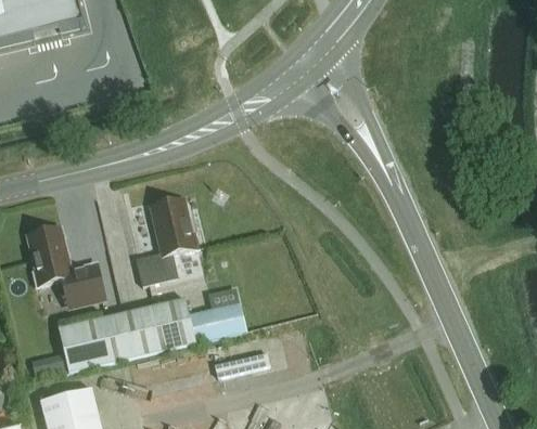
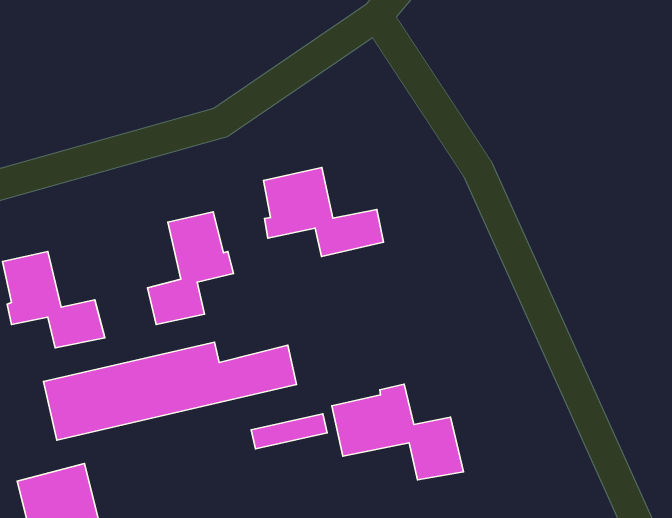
building: none -> [263,167,383,257]
building: none -> [332,384,463,480]

